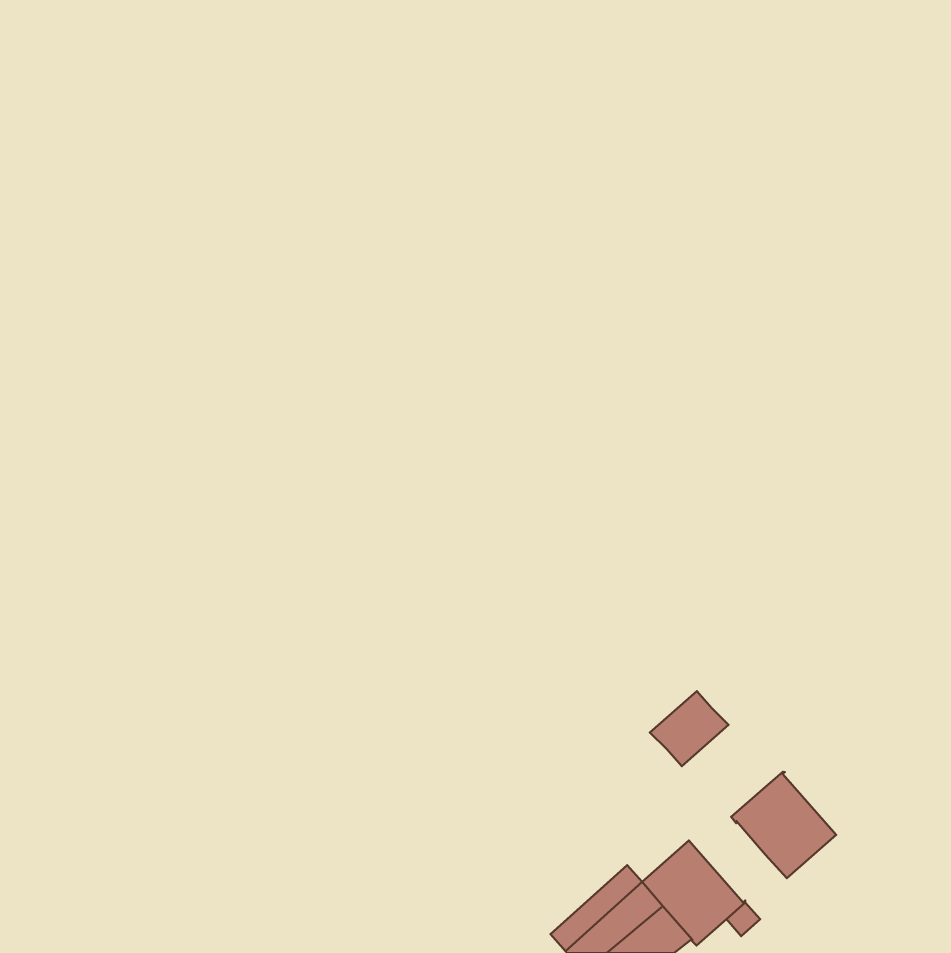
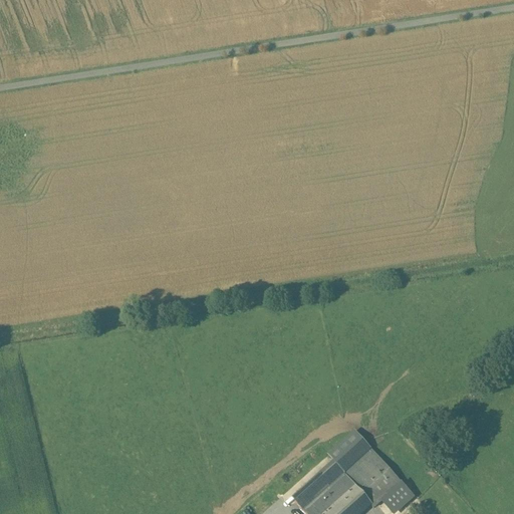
building: [650,691,729,766] -> [330,433,372,473]
building: [731,772,836,878] -> none

